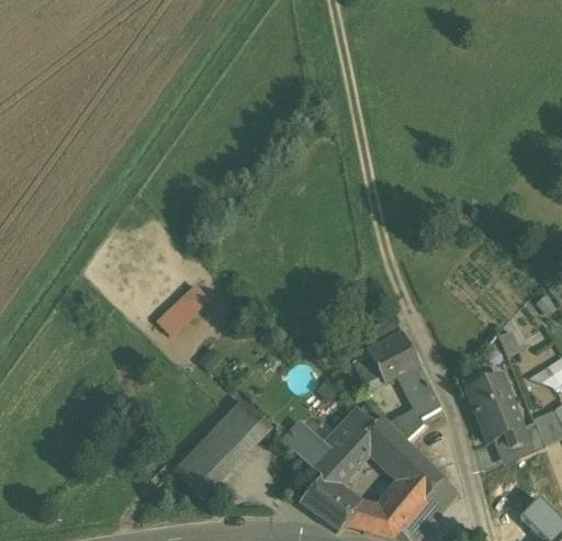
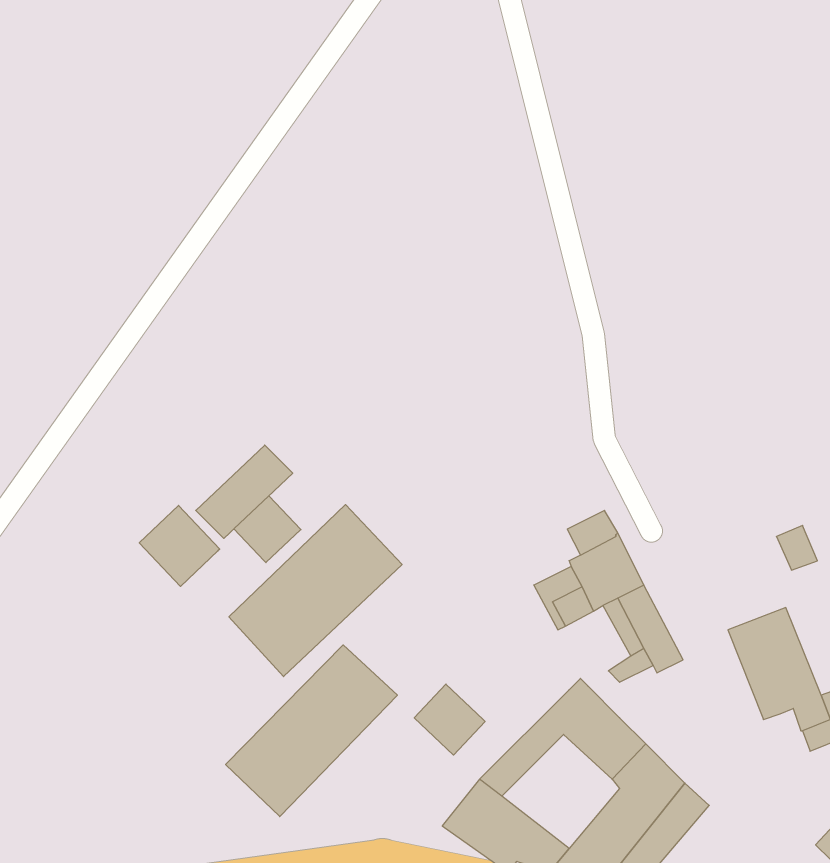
building: none -> [234,496,301,563]
building: none -> [229,505,402,677]
building: none -> [139,505,220,586]
building: [306,406,374,476] -> none
building: [385,409,426,440] -> none

